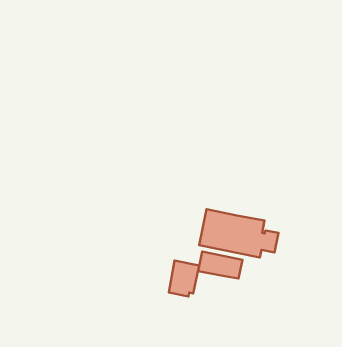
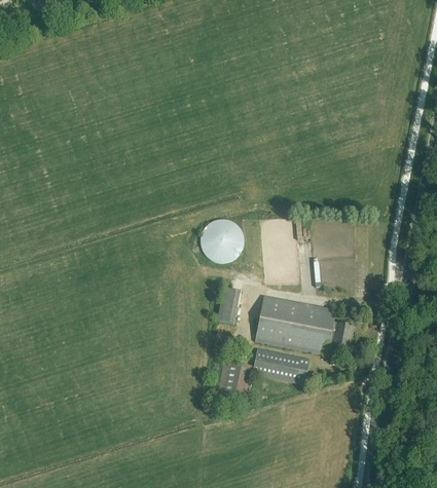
building: none -> [201,219,245,263]
building: none -> [215,285,239,322]

